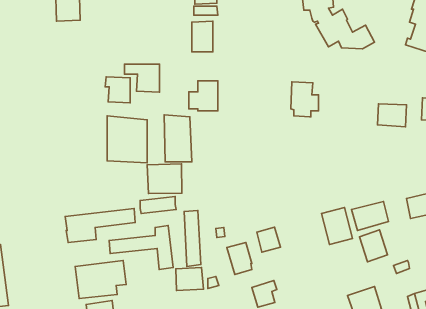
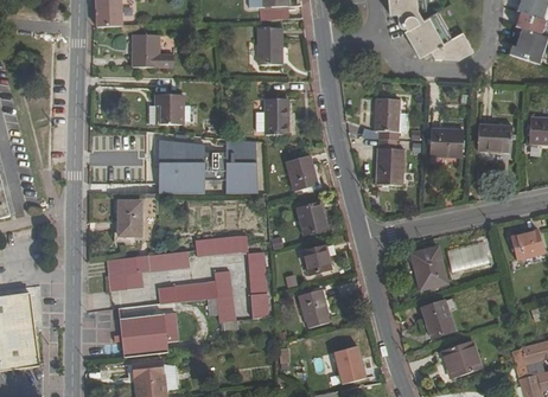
building: [124,64,159,92] -> [116,33,158,66]
building: none -> [428,129,463,156]
building: none -> [376,139,403,186]
building: none -> [286,154,317,190]
building: [147,164,182,194] -> none
building: none -> [116,199,140,236]
building: none -> [295,201,327,233]
building: [257,227,281,252] -> [302,244,331,274]
building: [359,230,387,262] -> [421,301,454,339]
building: [176,267,203,291] -> none

